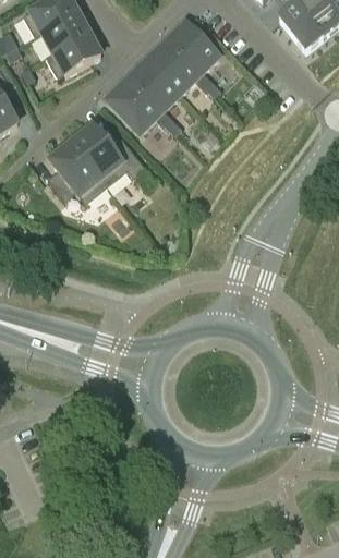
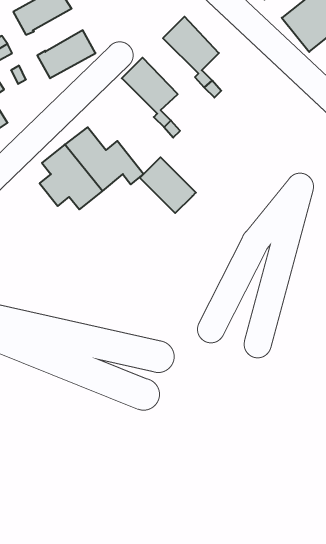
building: [40,12,88,53] -> none
building: [145,40,198,94] -> none
building: [106,78,159,132] -> [140,157,196,213]

